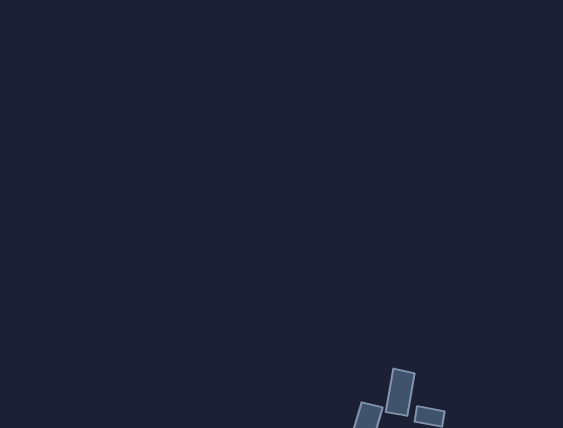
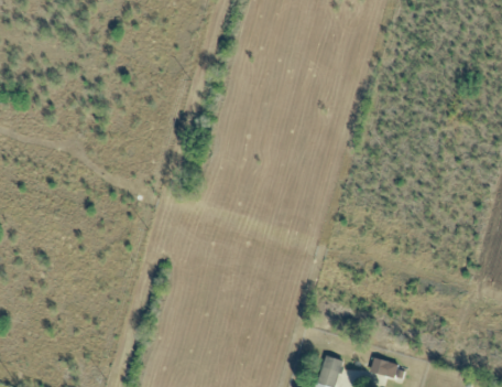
building: [386,368,414,416] -> none

